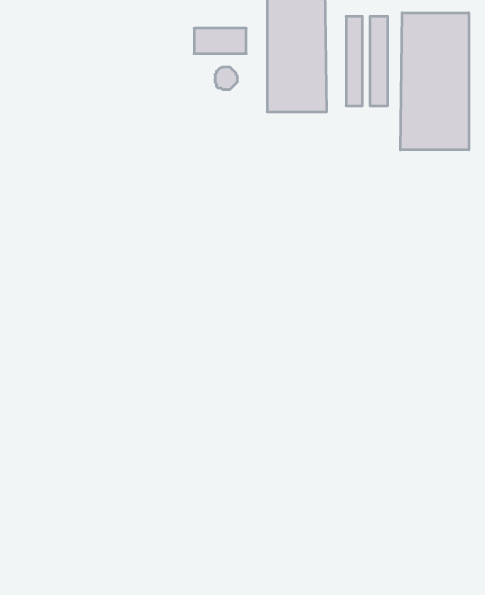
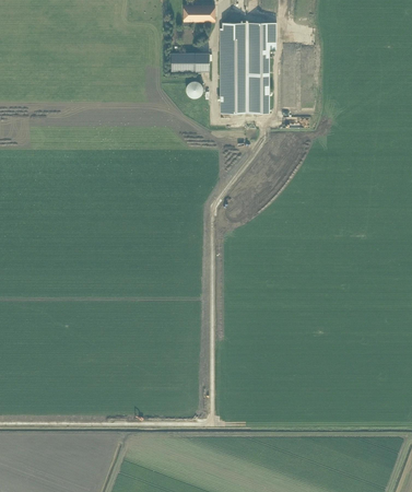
building: [400,13,469,150] -> none

